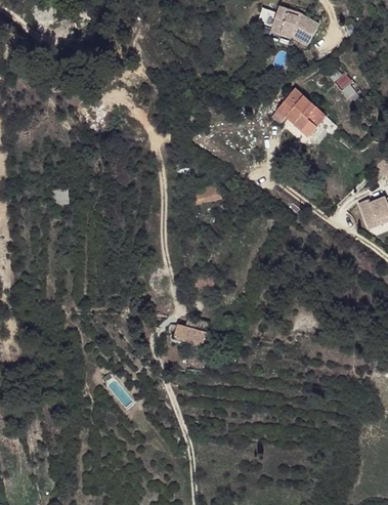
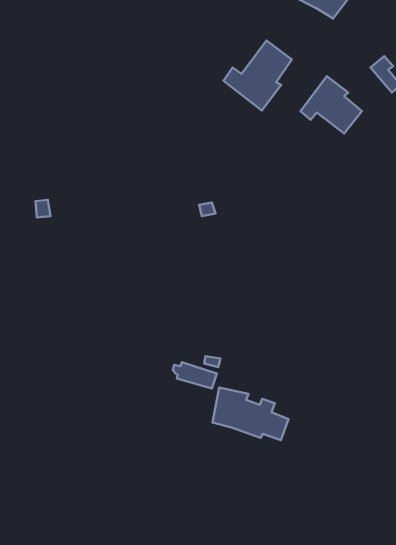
building: none -> [224,40,292,110]
building: none -> [213,388,289,440]

